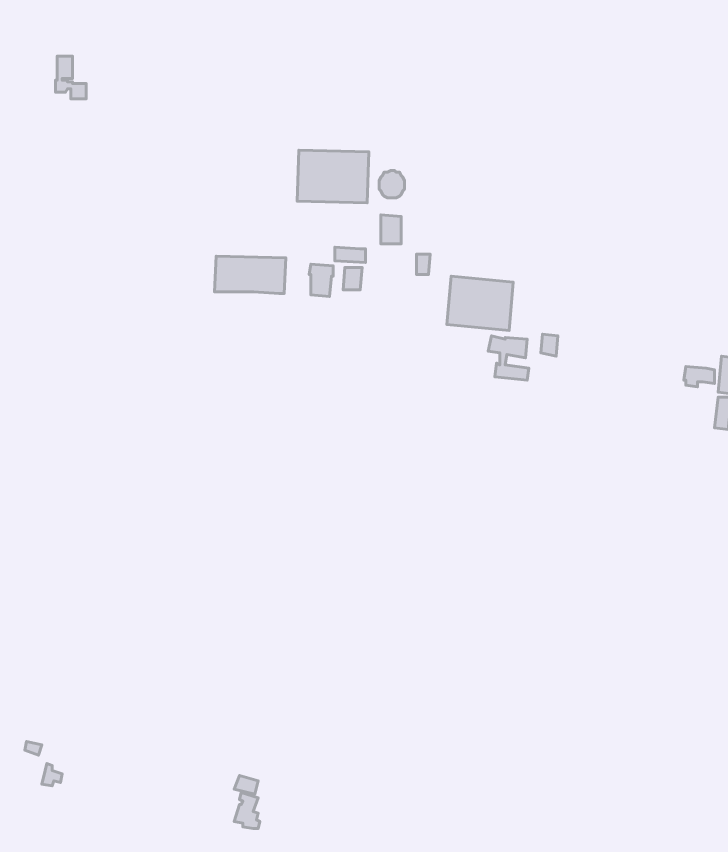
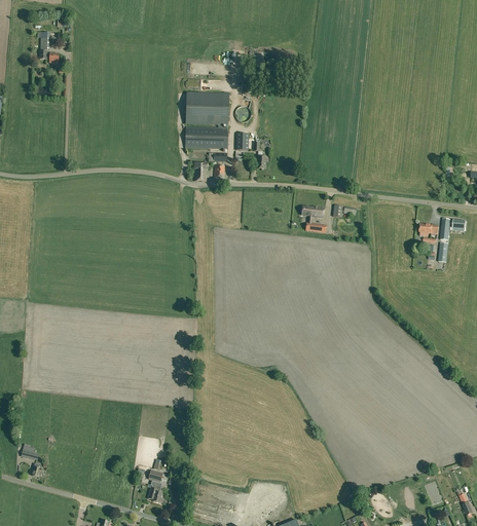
building: [214,256,286,294] -> [185,125,228,148]
building: [447,276,513,330] -> none

